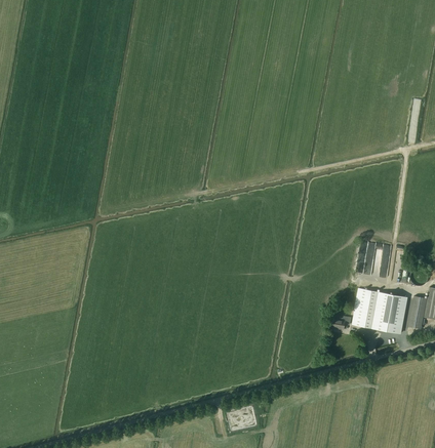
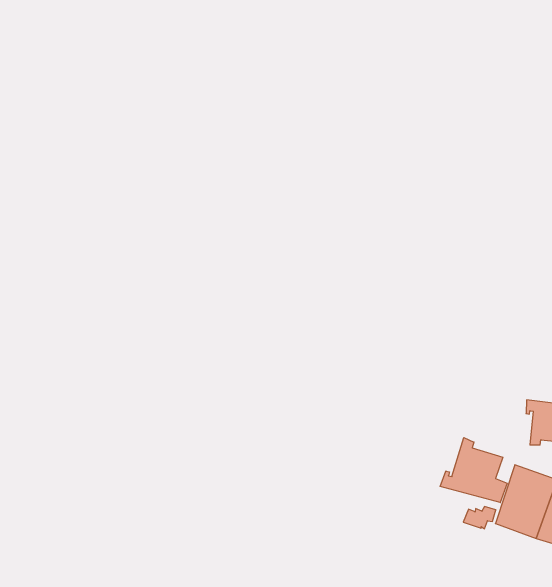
building: none -> [440,438,507,503]

